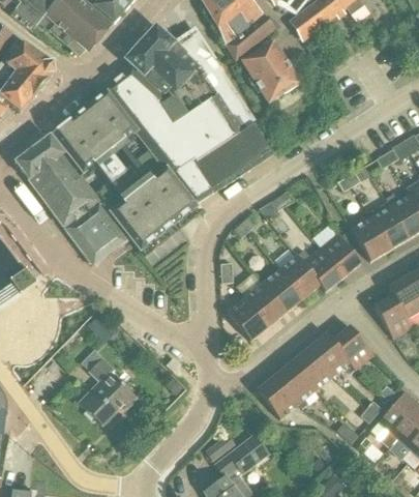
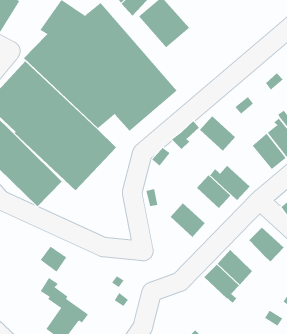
building: [319,232,360,275] -> [199,116,236,152]
building: [262,268,302,311] -> none
building: [227,297,267,340] -> none
building: [308,331,348,374] -> none
building: [255,373,296,416] -> none

